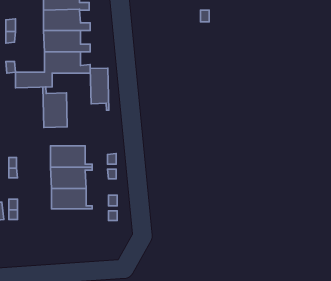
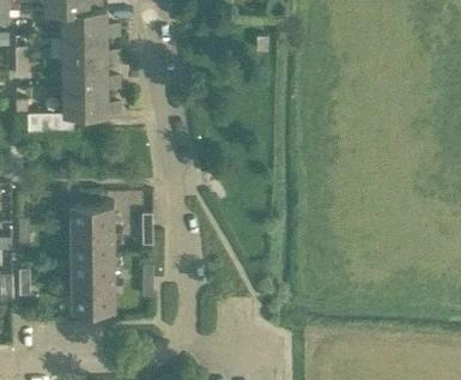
building: [90,68,109,110] -> none
building: [43,87,67,127] -> none
building: none -> [71,282,121,308]

